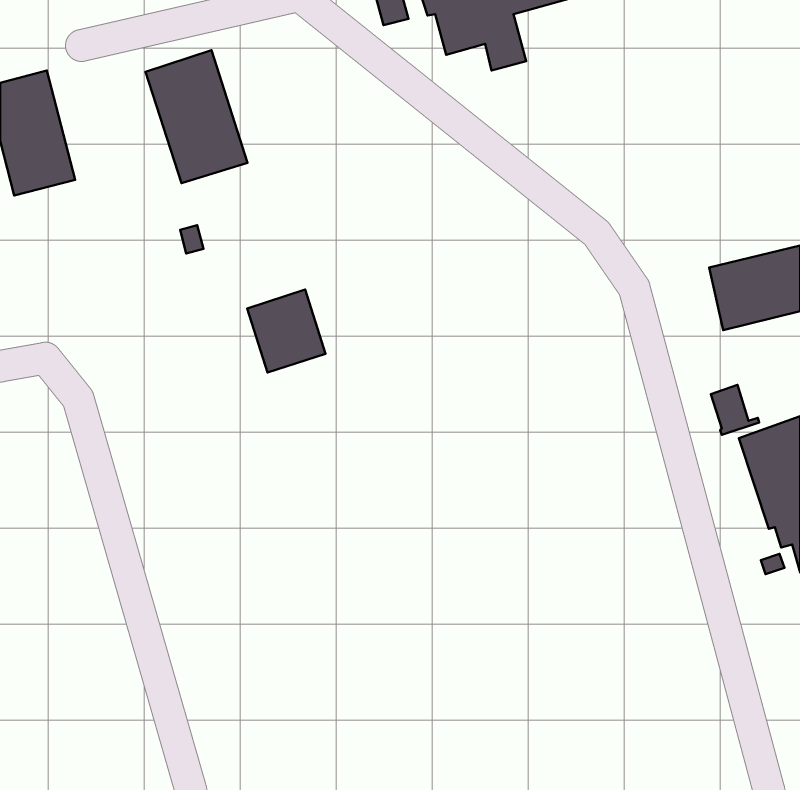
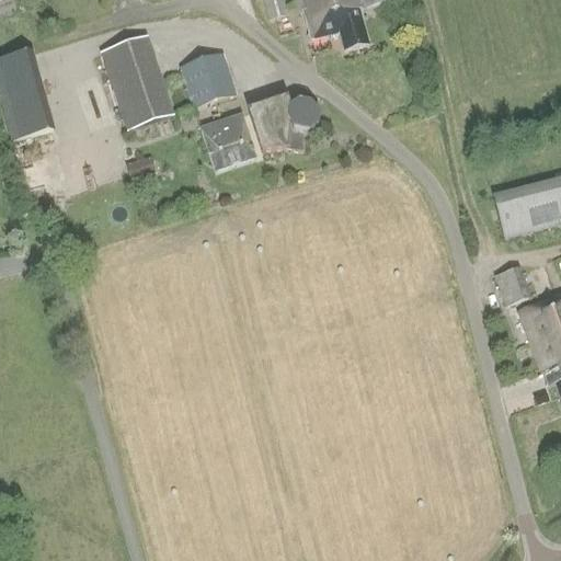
building: none -> [181,51,236,106]
building: none -> [248,95,321,150]
building: [247,290,325,372] -> [201,113,255,171]

